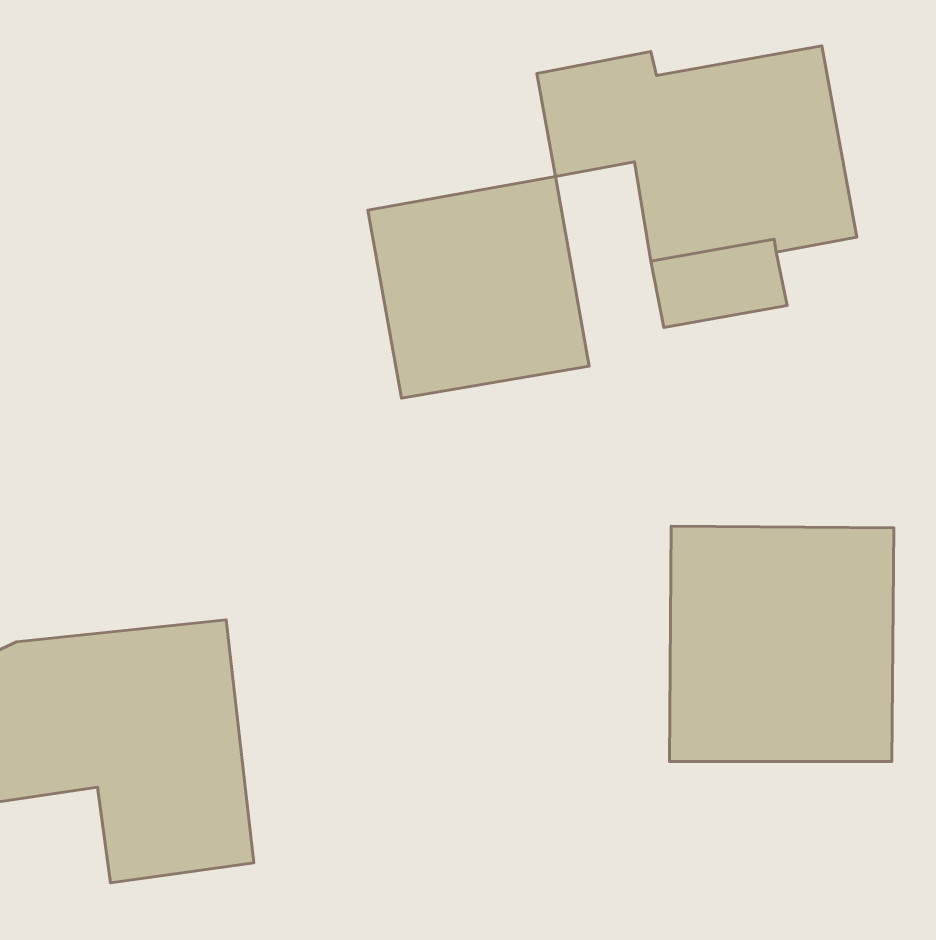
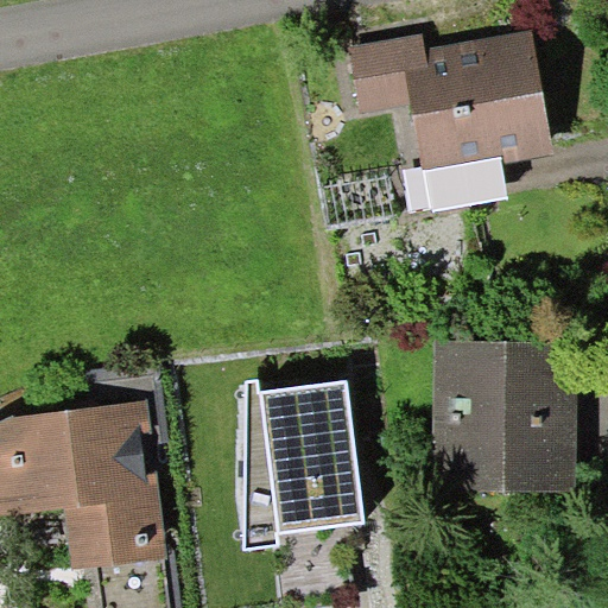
building: [368,177,589,398] -> none
building: none -> [242,379,365,551]

